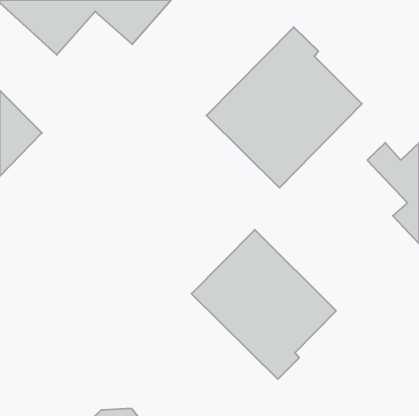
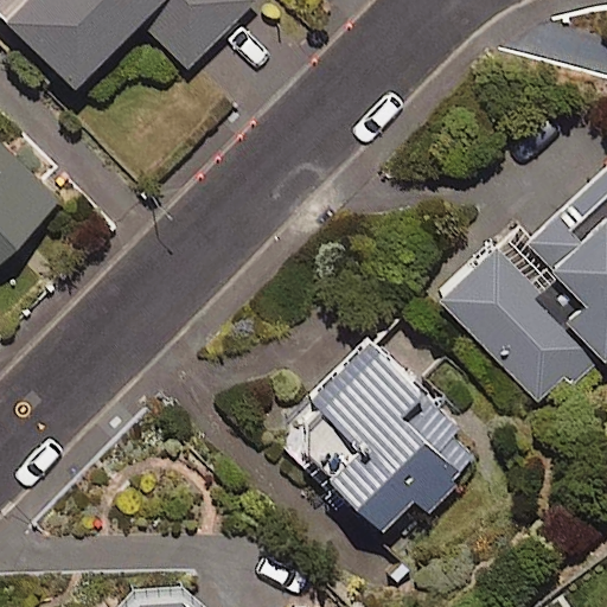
building: [206,27,362,188] -> none
building: none -> [439,242,600,401]

